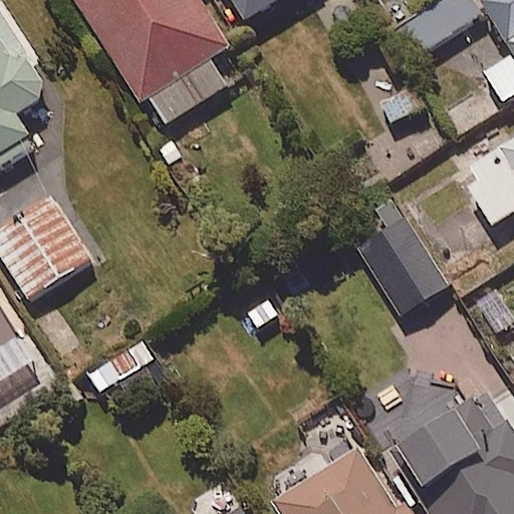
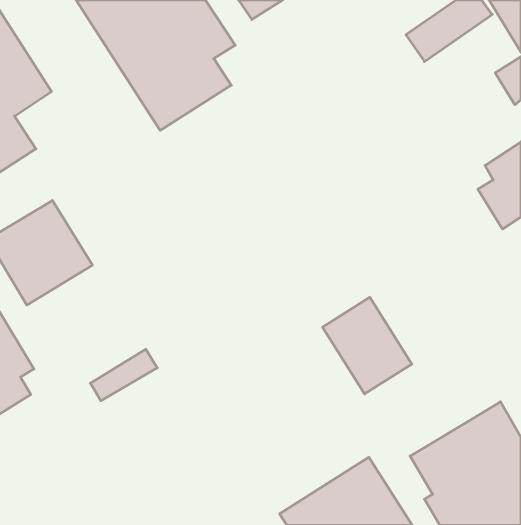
building: [358,220,446,314] -> [323,297,412,394]

